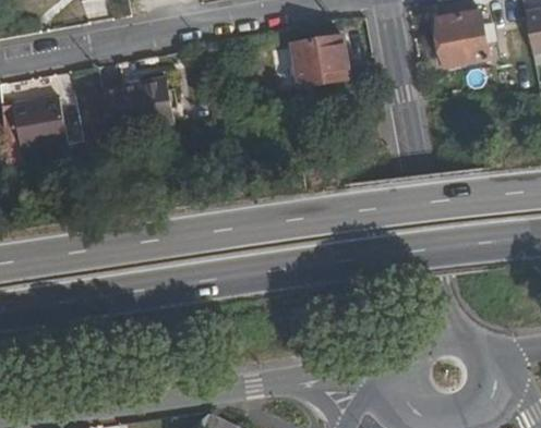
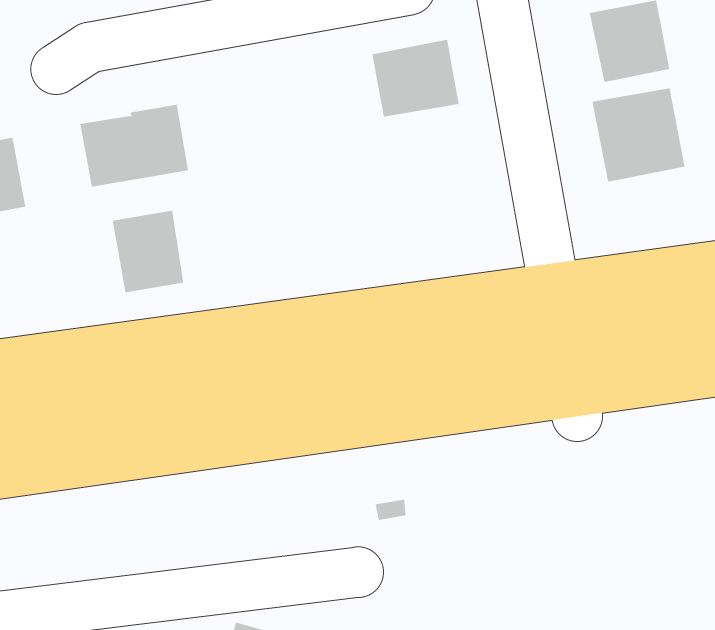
building: none -> [592,88,685,182]
building: none -> [112,210,184,293]

